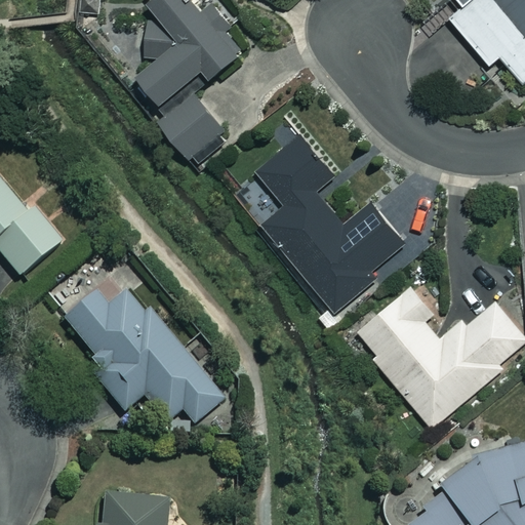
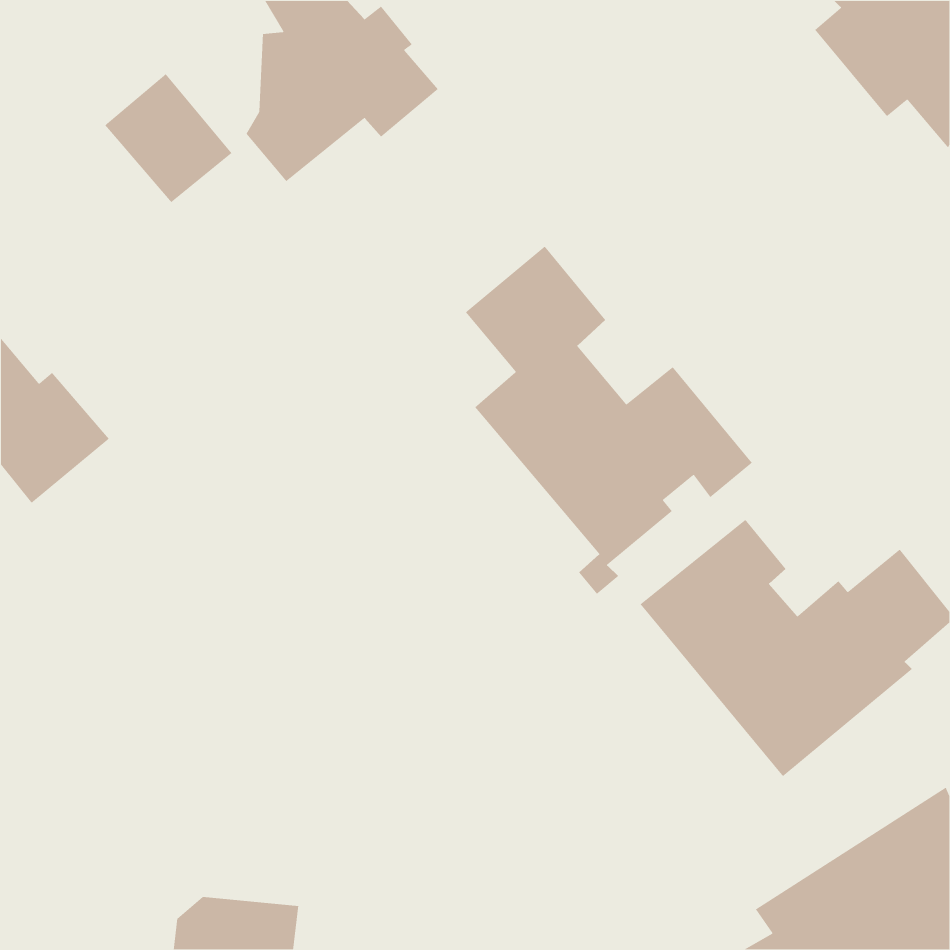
building: [160,92,231,164] -> [104,73,233,203]
building: [63,276,220,426] -> none

